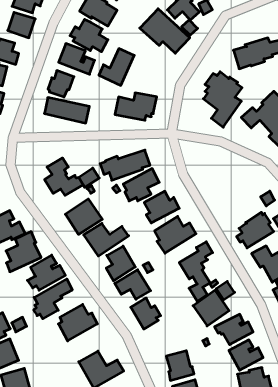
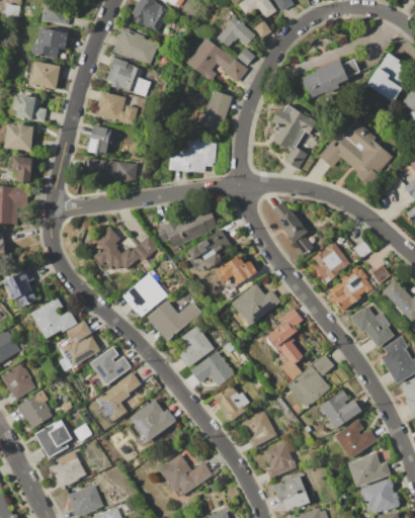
building: [99,49,134,85] -> [193,90,233,134]
building: none -> [270,200,314,254]
building: none -> [314,241,352,284]
building: none -> [245,410,277,448]

